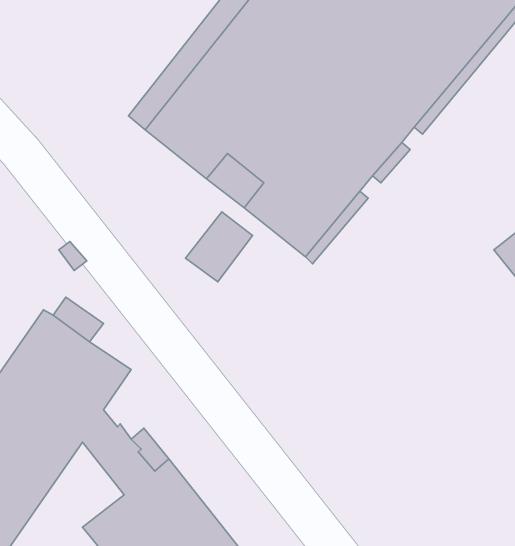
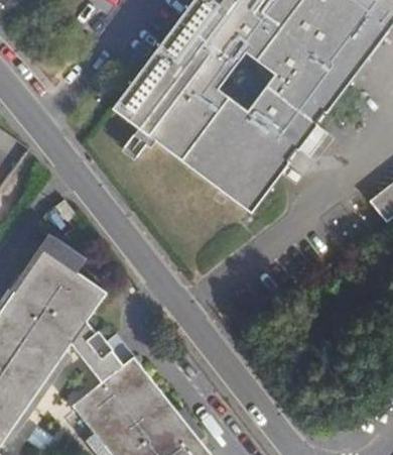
building: [186,212,252,282] -> none

